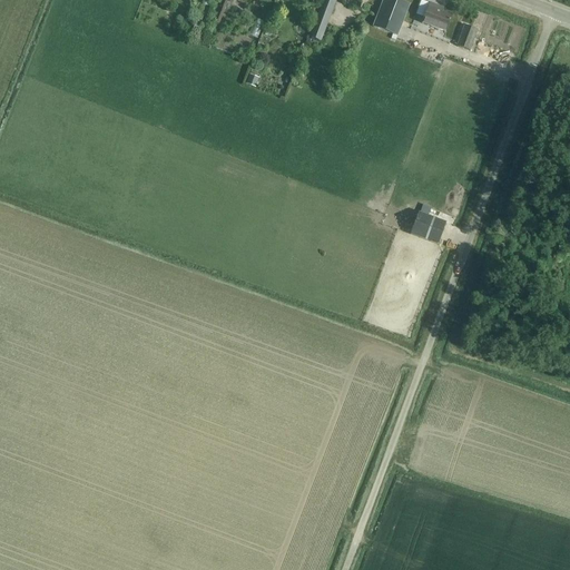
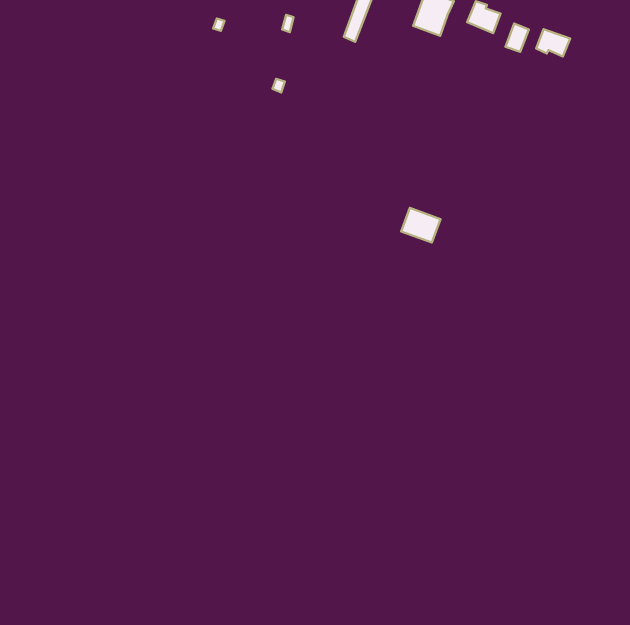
building: none -> [536,29,570,56]
building: [410,209,445,240] -> [401,208,441,242]

